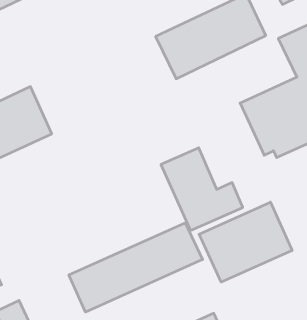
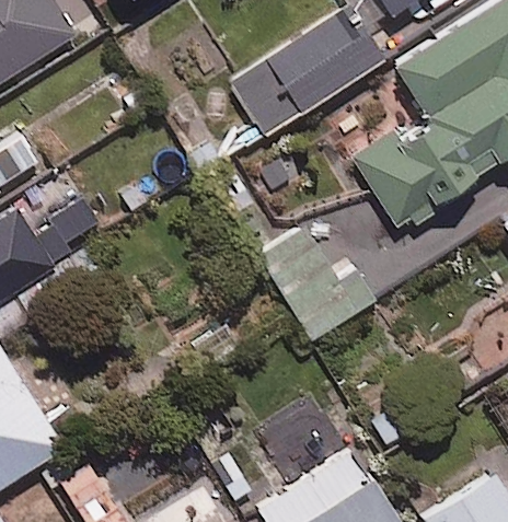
building: [199,202,292,282] -> none
building: [69,223,203,312] -> none

